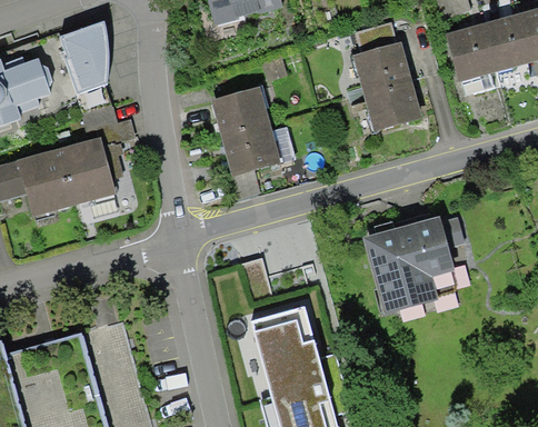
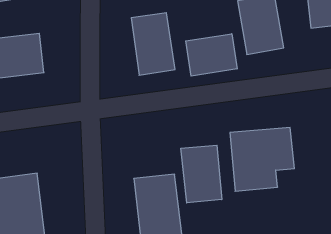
building: none -> [186,34,237,76]
building: none -> [181,145,222,203]

